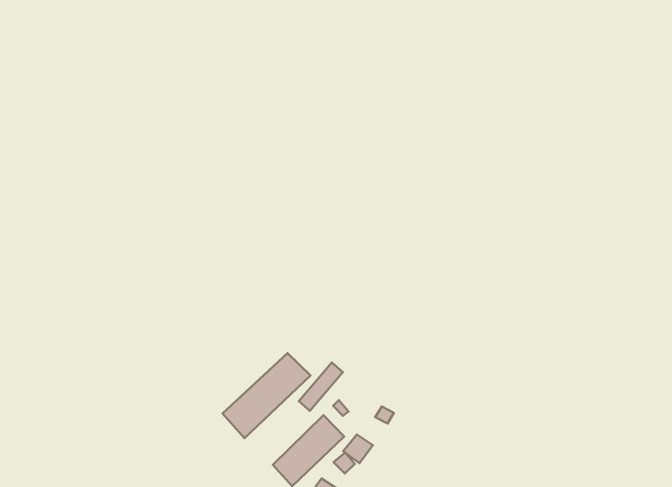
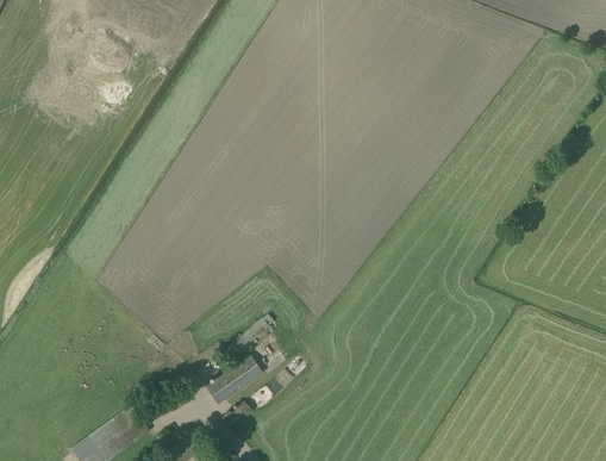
building: [222,353,310,438] -> none

